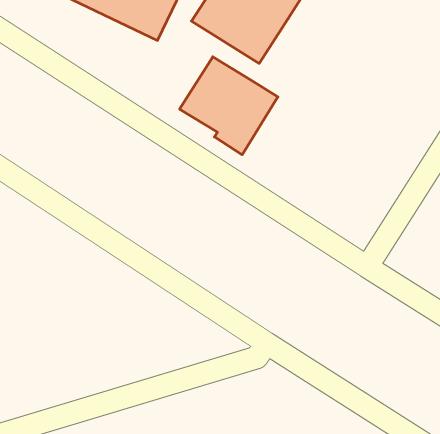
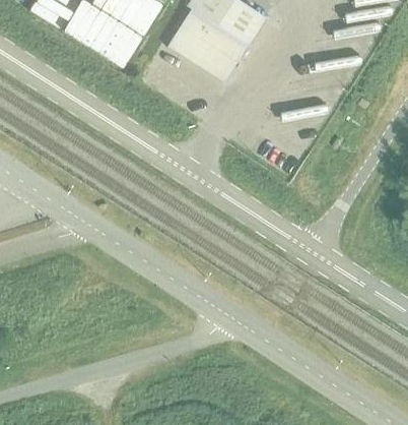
building: [180,57,278,155] -> none

